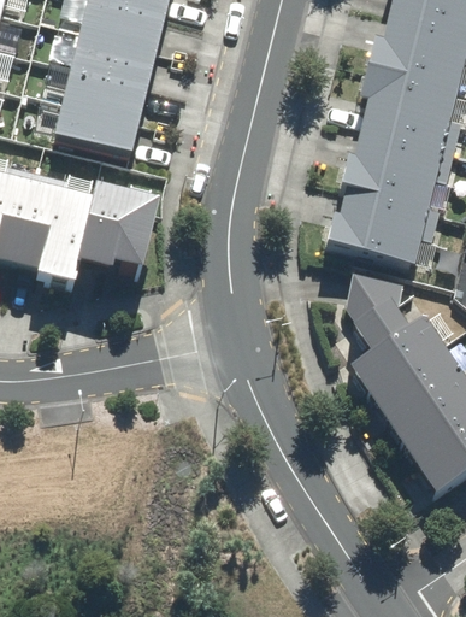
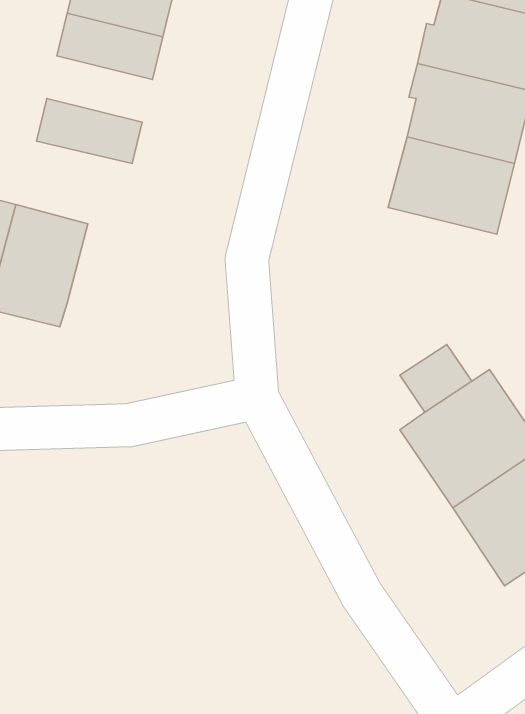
building: [63,59,149,113] -> none
building: [328,183,431,264] -> none
building: [79,186,159,277] -> none

